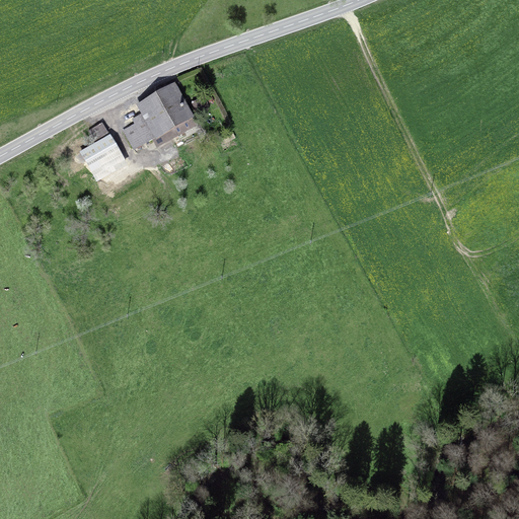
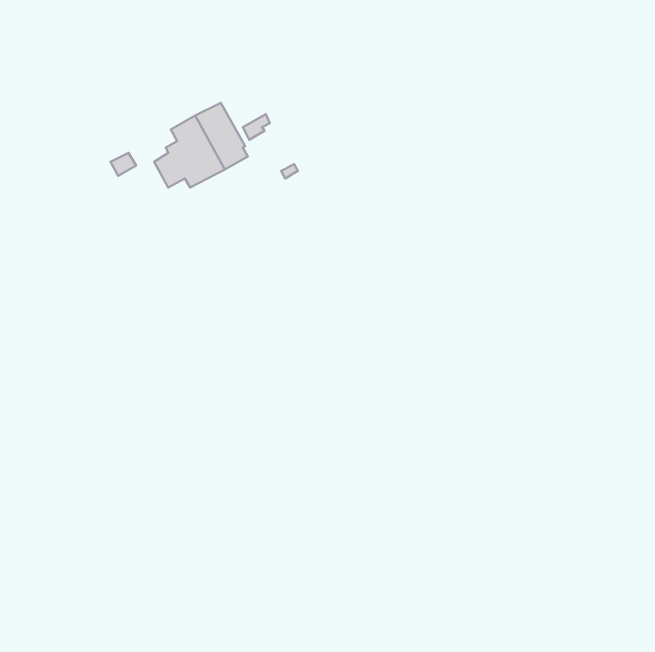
building: [89,133,130,178] -> none

